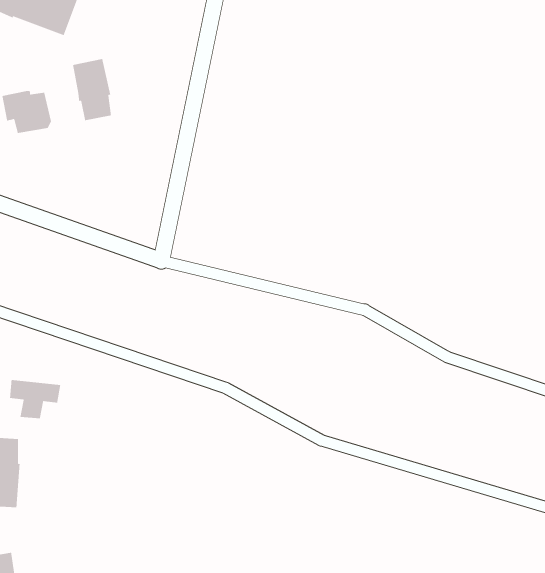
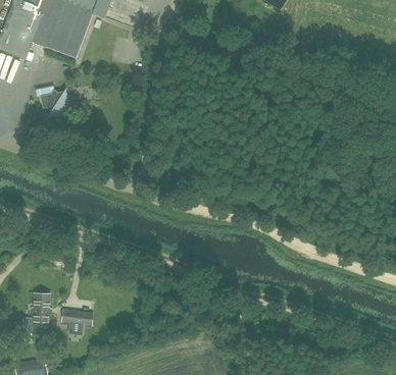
building: [72,58,112,121] -> none
building: [9,379,61,419] -> [62,310,93,333]

